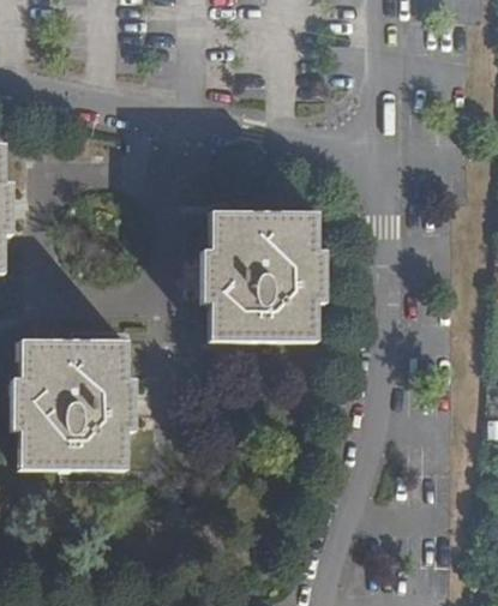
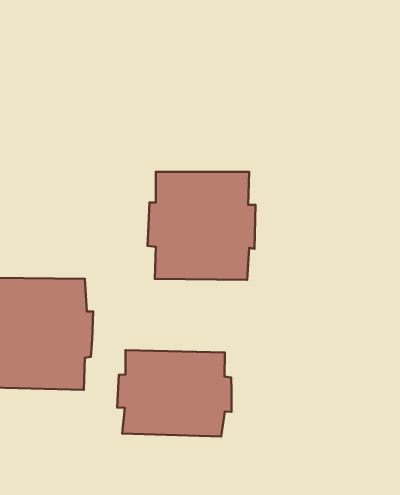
building: none -> [117,350,231,436]

